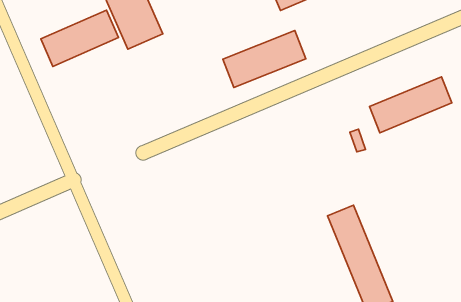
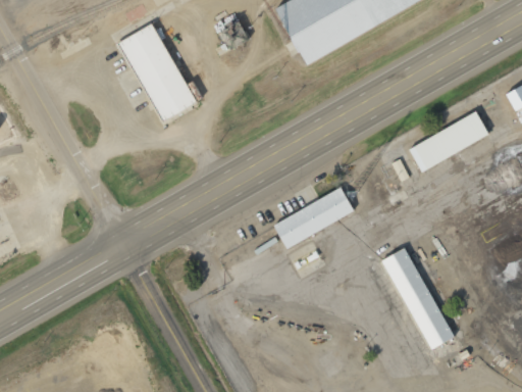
building: [41,10,118,66] -> none
building: [223,30,306,87] -> [273,188,355,251]

